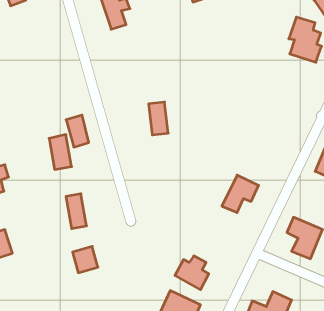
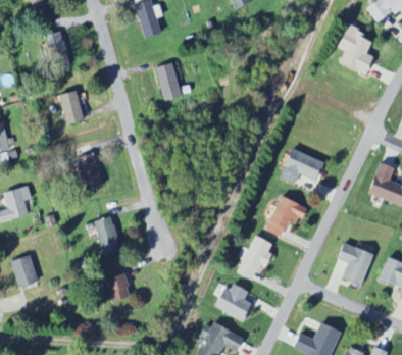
building: none -> [45,30,72,70]
building: [149,102,168,135] -> [158,63,180,99]
building: [66,115,89,147] -> [58,90,83,124]
building: none -> [279,148,321,185]
building: none -> [240,236,271,280]

